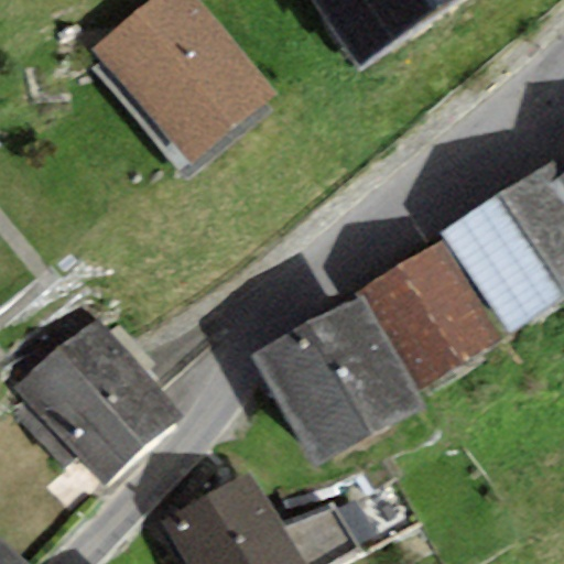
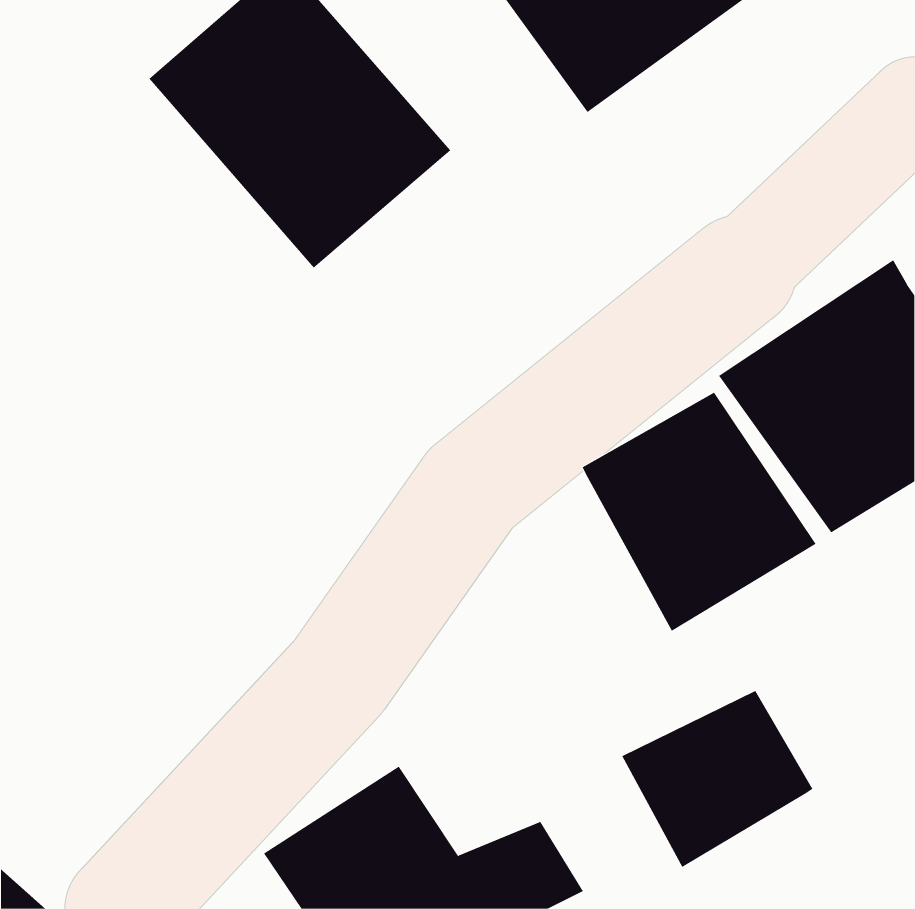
building: [251,294,424,467] -> none
building: [14,316,181,484] -> none
building: none -> [621,690,813,868]

